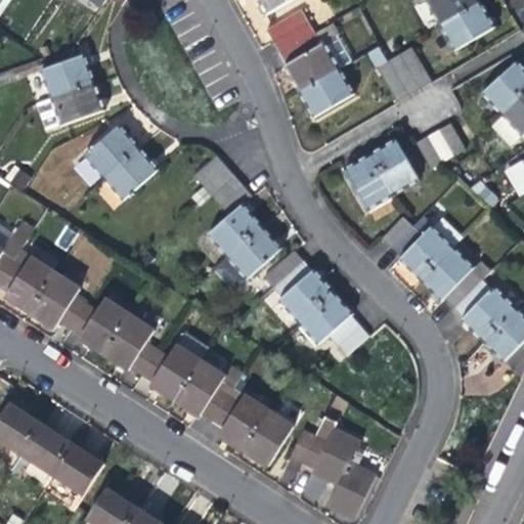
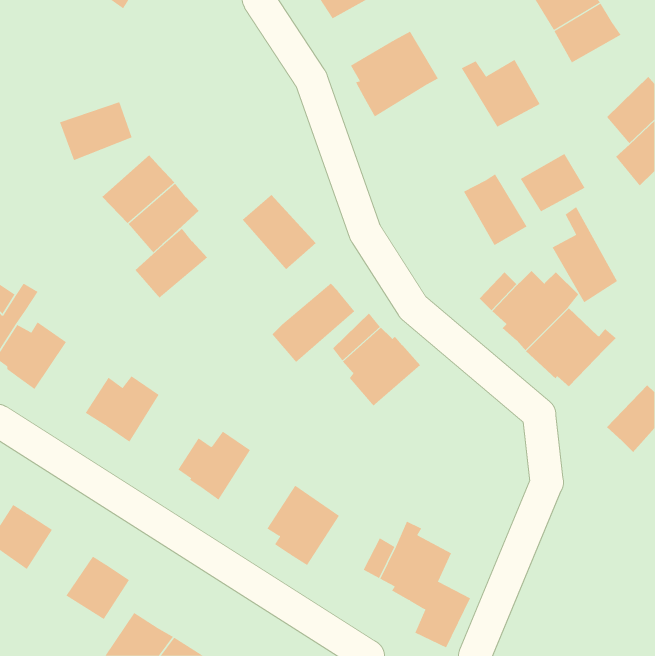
building: [265,9,313,52] -> none
building: [38,53,95,97] -> none
building: [298,68,355,119] -> none
building: [342,152,393,211] -> none
building: none -> [552,206,618,303]
building: [205,202,263,258] -> [135,228,208,299]
building: [28,272,86,329] -> none
building: [452,278,515,340] -> none
building: [297,291,369,355] -> none
building: [103,314,158,374] -> none
building: [174,358,244,421] -> none
building: [245,410,294,466] -> none
building: [21,422,74,474] -> none

